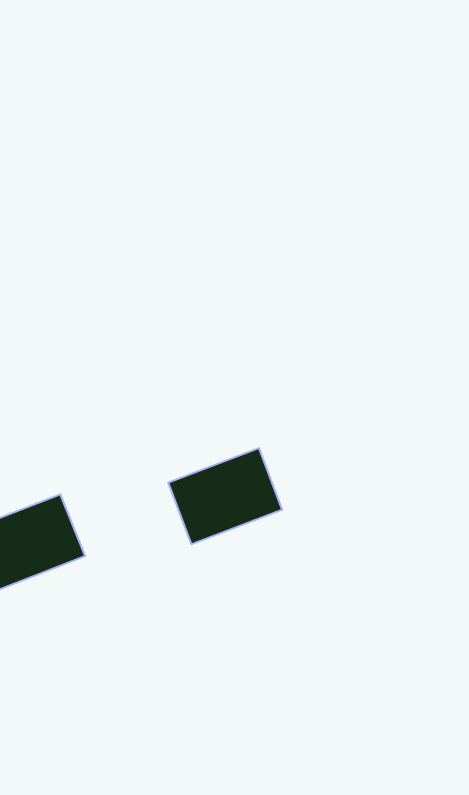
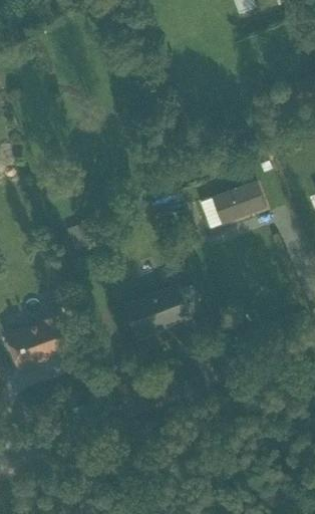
building: none -> [202,179,270,232]

